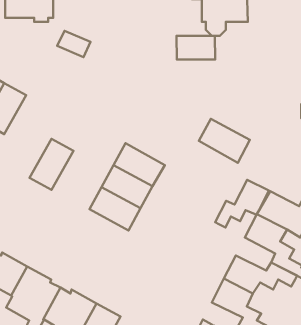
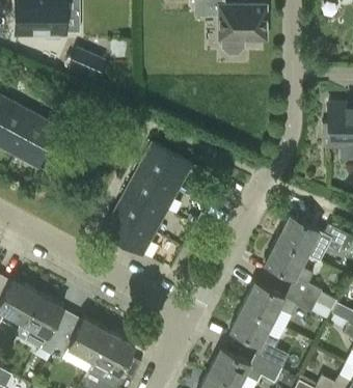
building: [177,36,215,60] -> none
building: [199,119,250,163] -> [139,143,192,189]
building: [29,139,74,190] -> [13,116,59,169]
building: [215,180,269,227] -> none

